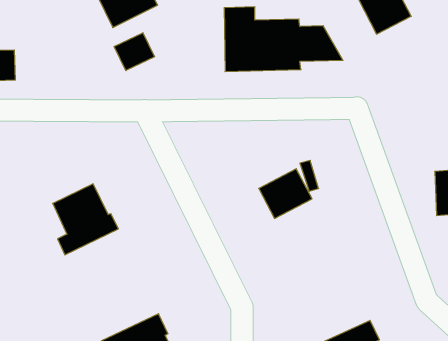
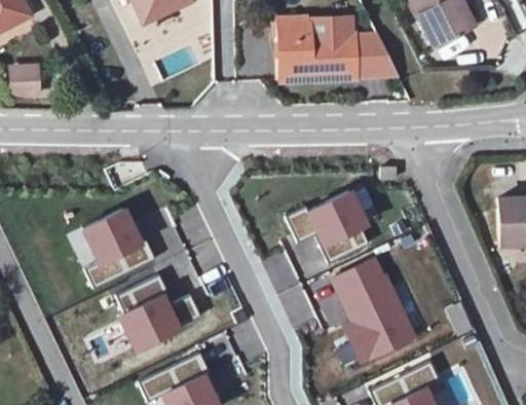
building: [114,33,155,71] -> none
building: none -> [331,257,418,365]
building: none -> [115,272,199,356]

